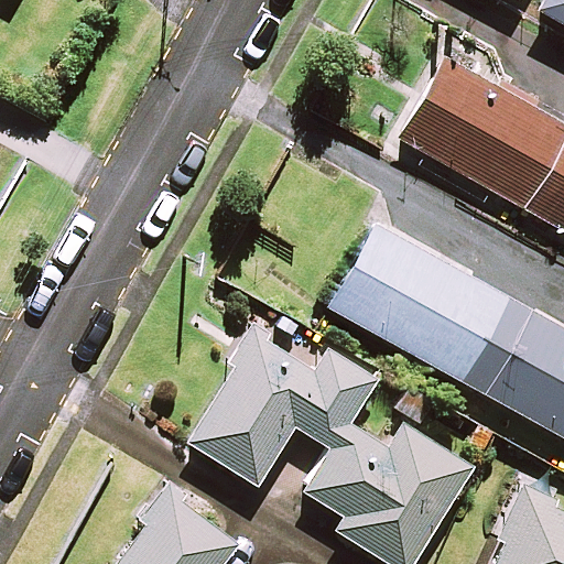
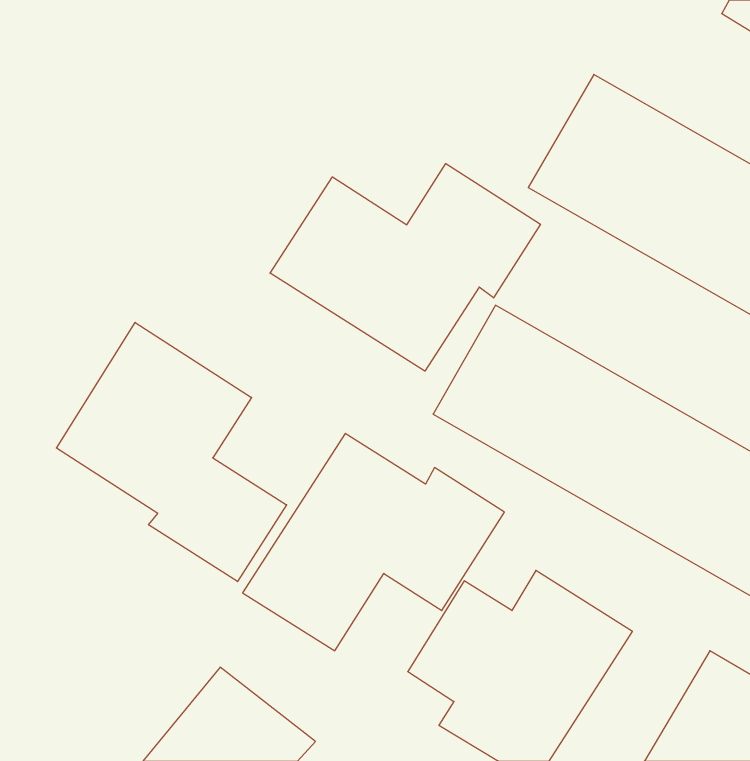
building: none -> [270,164,541,371]
building: none -> [56,322,287,582]

